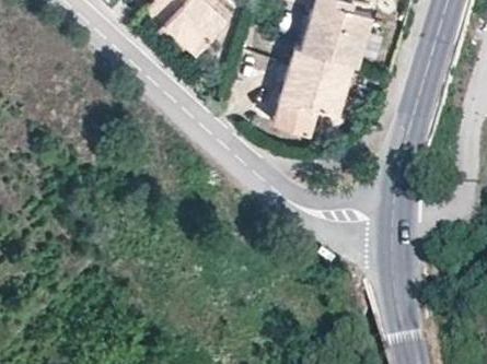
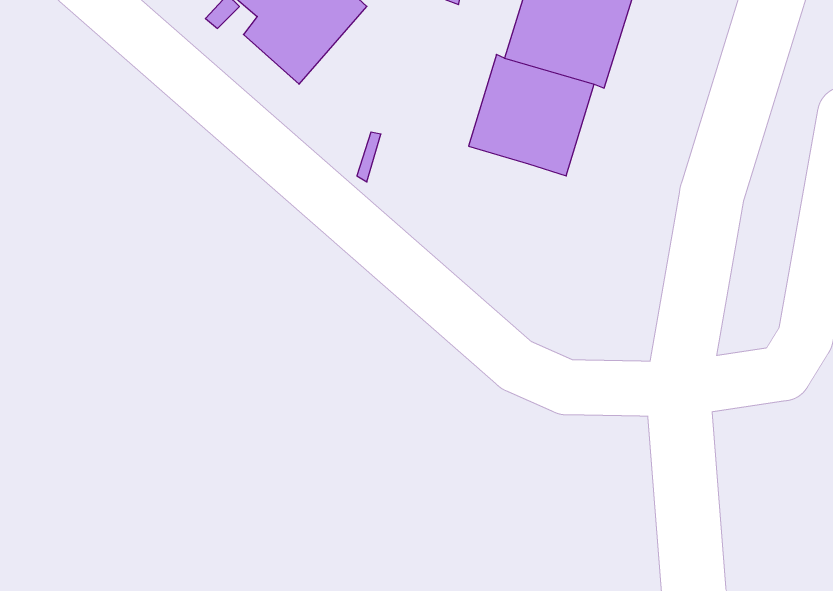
building: [275,94,316,131] -> none

